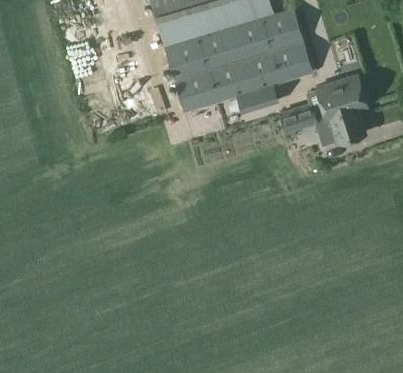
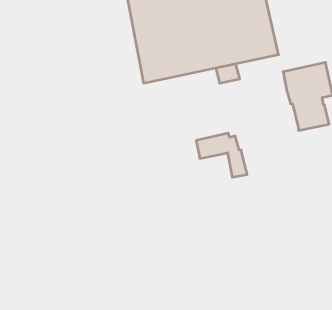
building: [286,103,338,145] -> [196,133,247,177]

